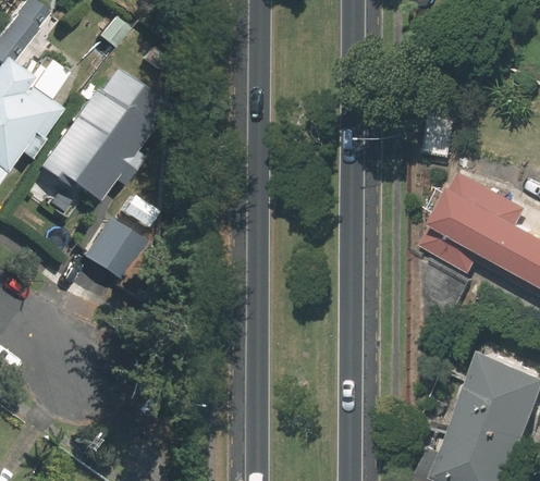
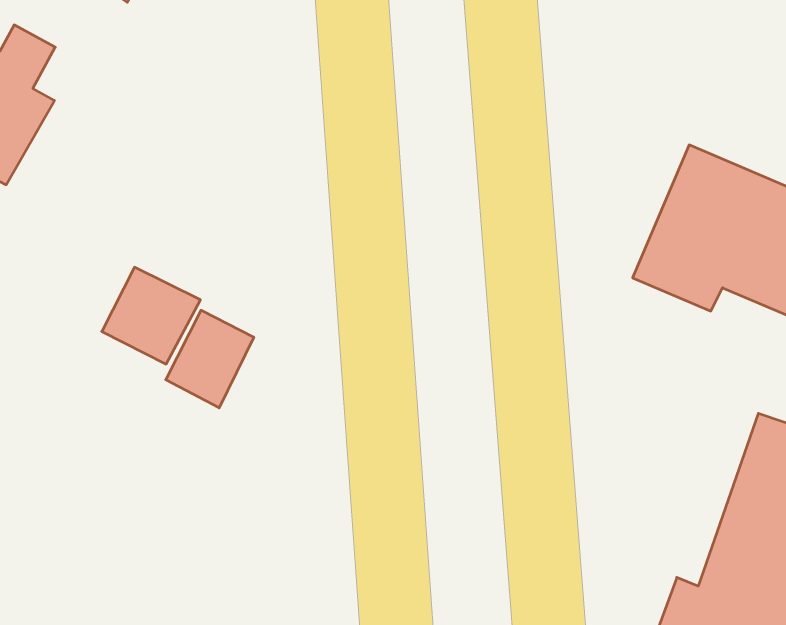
building: [35,64,168,208] -> none
building: none -> [166,310,254,408]

